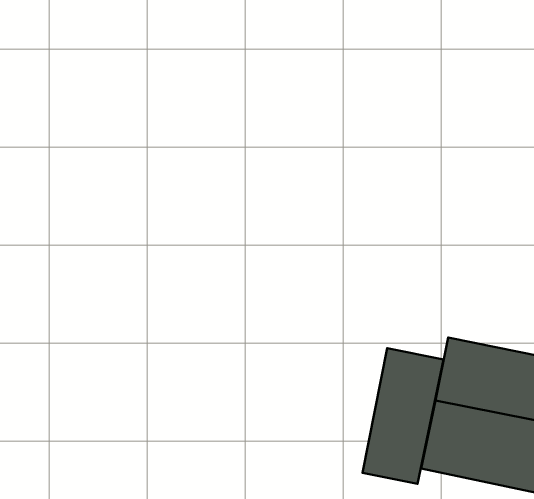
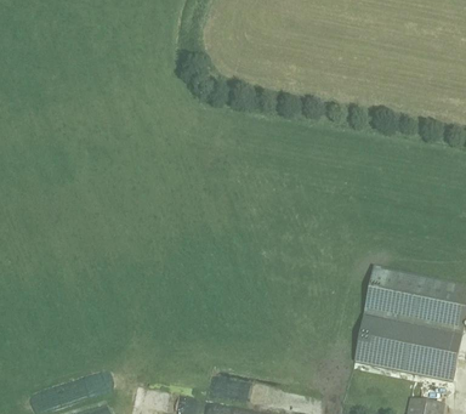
building: [362,348,444,484] -> none

